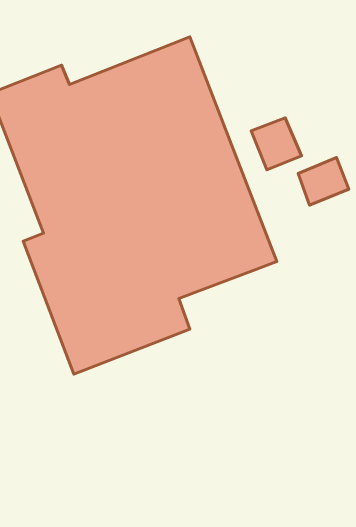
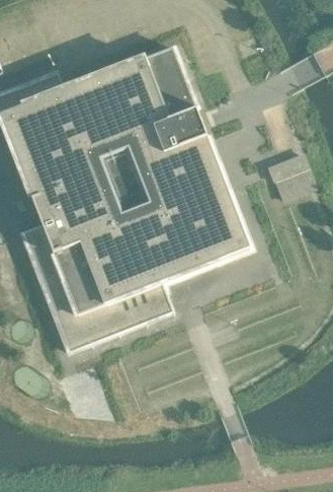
building: [251,118,302,170] -> none

